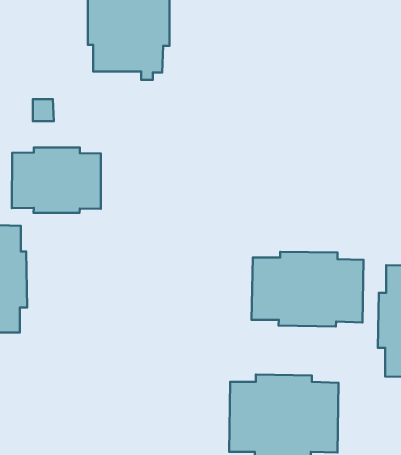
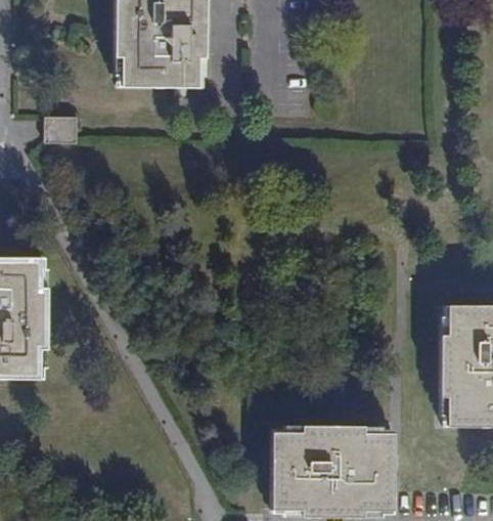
building: [12,147,101,213] -> none
building: [252,252,364,327] -> none

